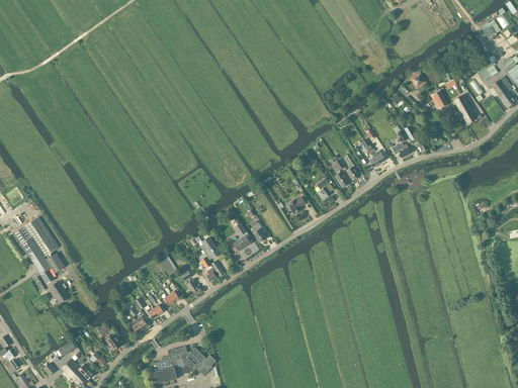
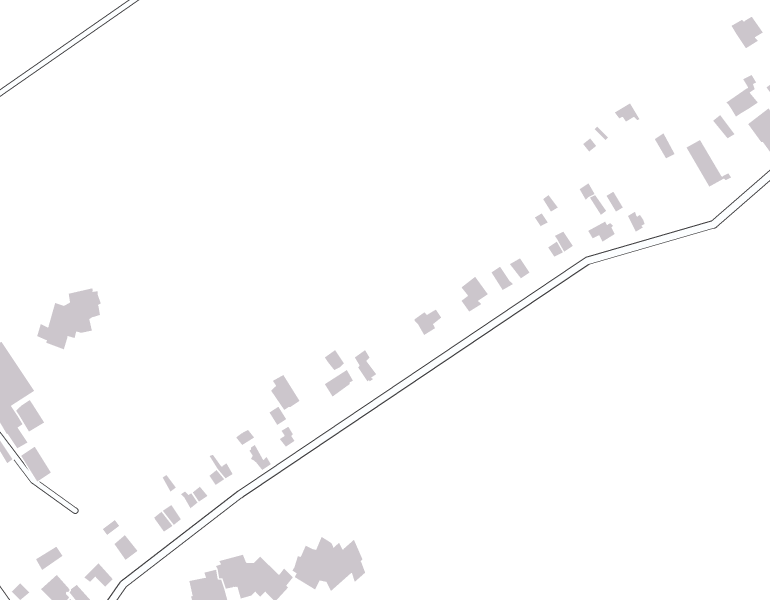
building: none -> [37,288,102,350]
building: none -> [292,536,366,592]

